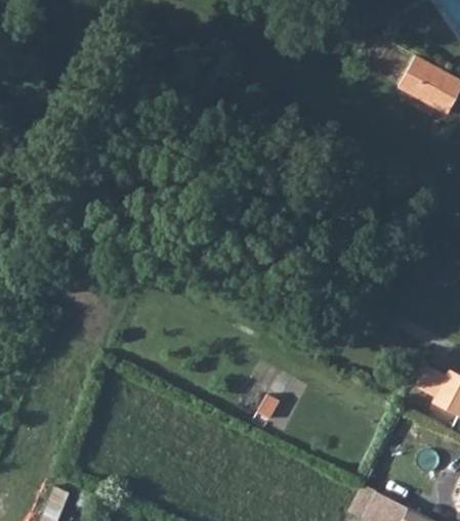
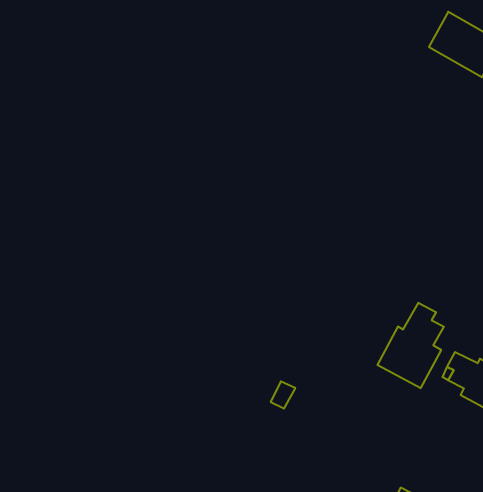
building: none -> [377,303,444,388]

